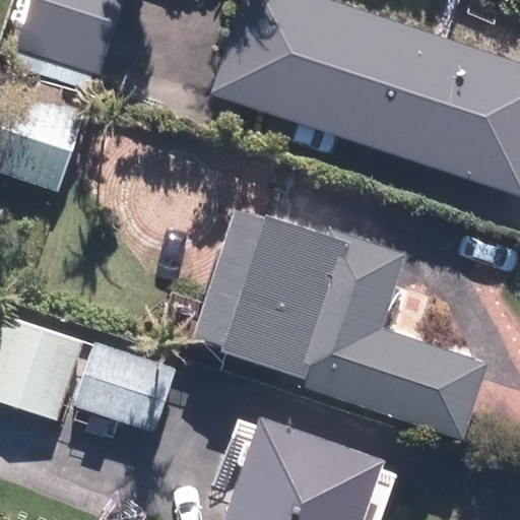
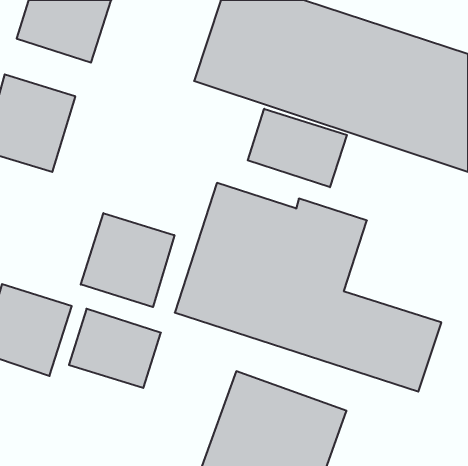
building: none -> [248,109,347,187]
building: none -> [81,213,174,307]

